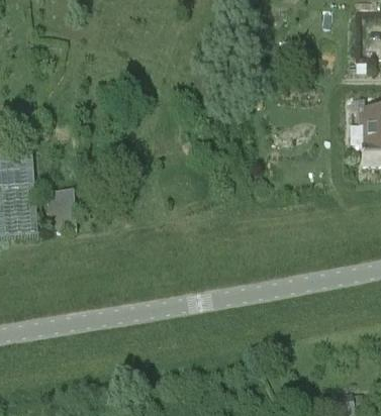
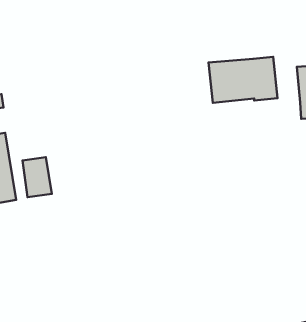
building: none -> [209,57,278,103]

